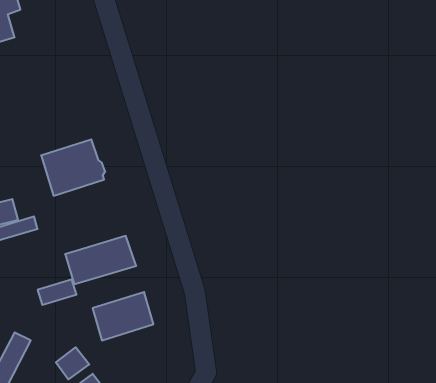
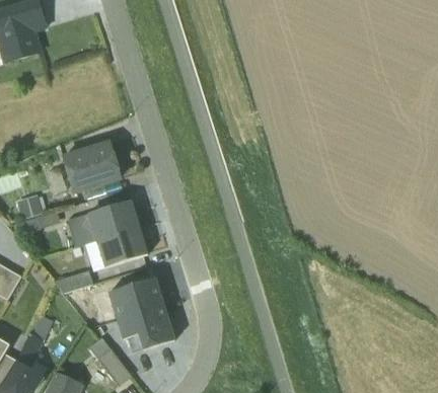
building: none -> [82,199,138,241]
building: none -> [117,306,173,353]

